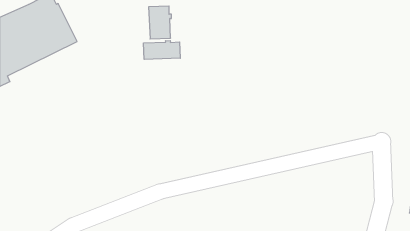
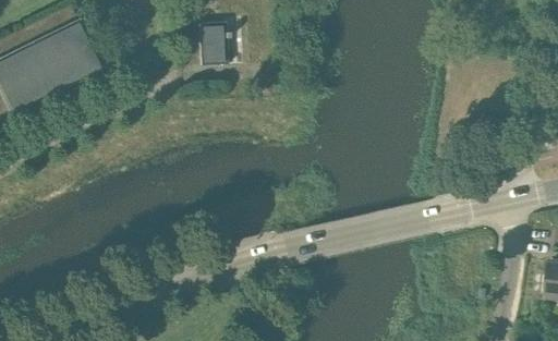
building: [144,41,180,59] -> none

